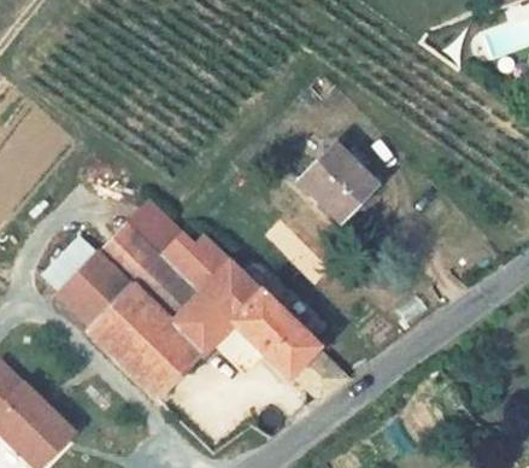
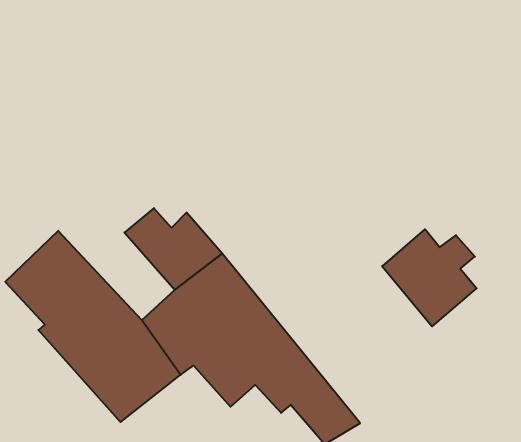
building: [302,145,380,222] -> [382,229,477,326]
building: [94,221,192,314] -> none

